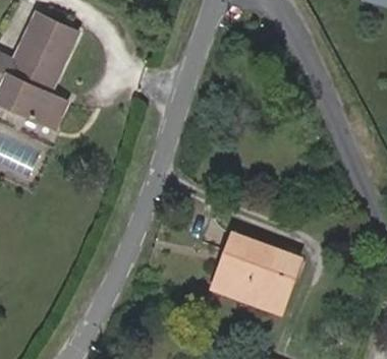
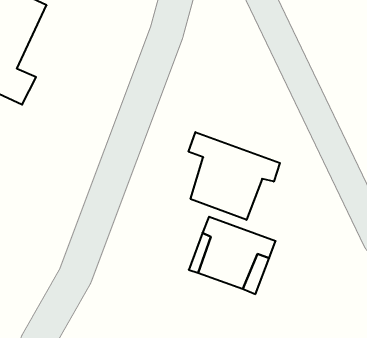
building: none -> [189,132,280,220]

